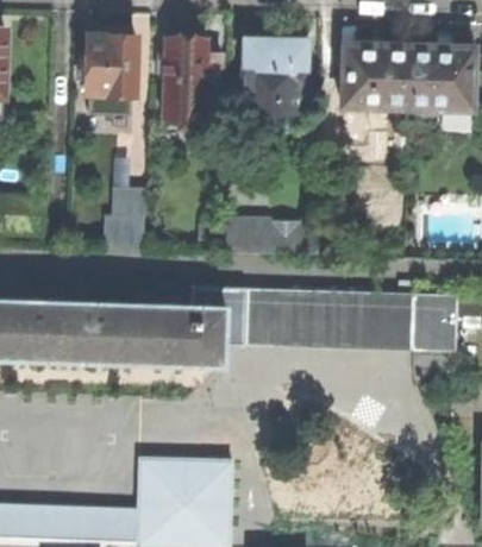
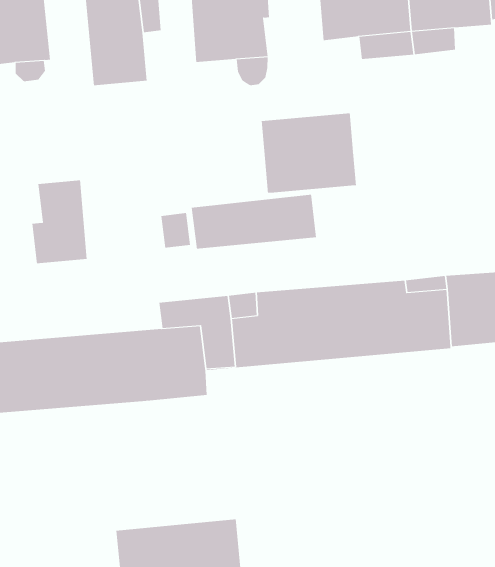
building: none -> [261,113,357,194]

